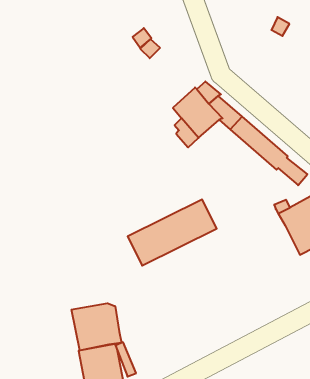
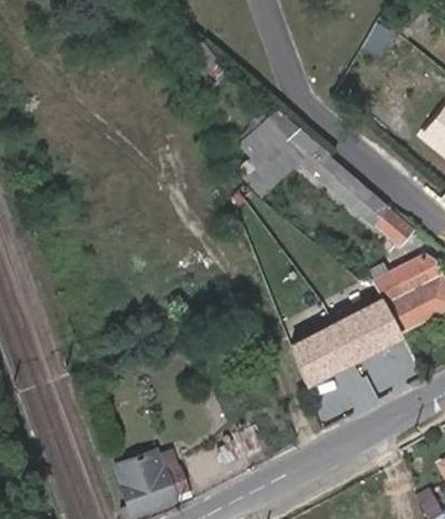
building: [128,199,217,266] -> [288,297,402,381]
building: [72,303,122,351] -> none

